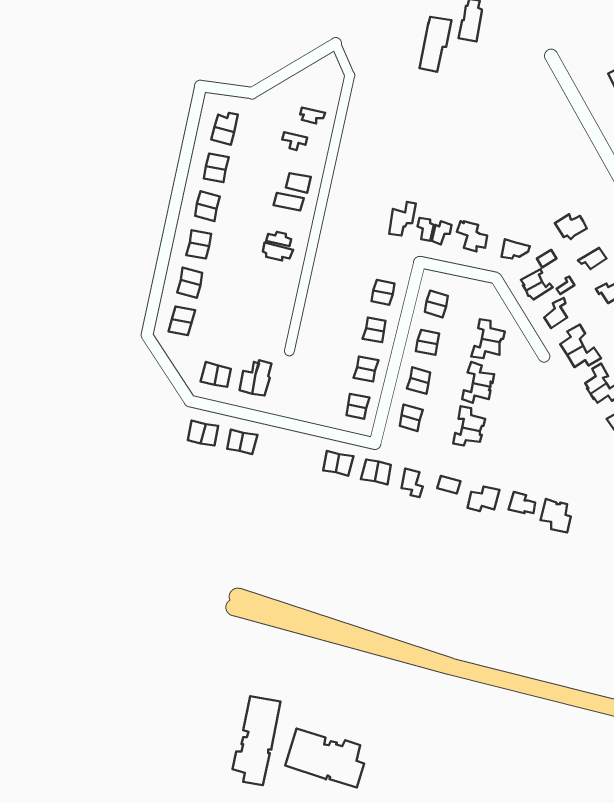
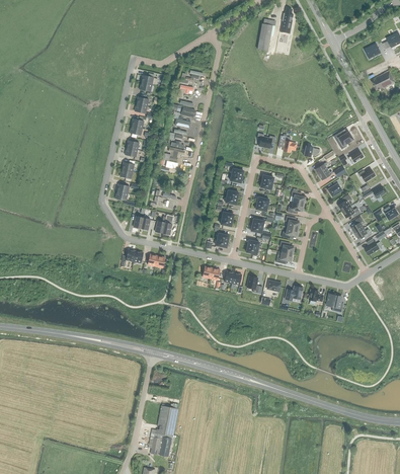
building: [285,729,364,787] -> none

